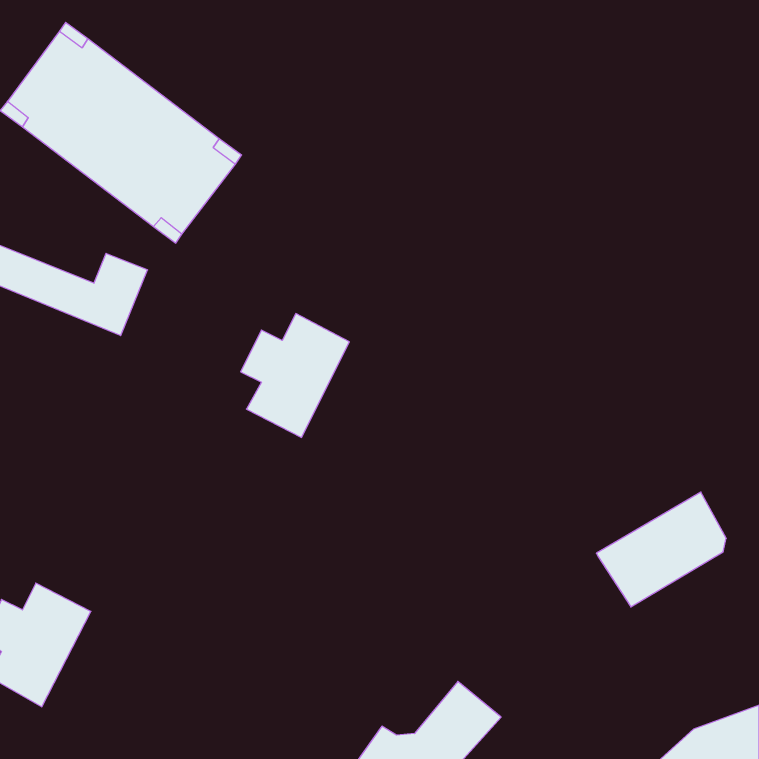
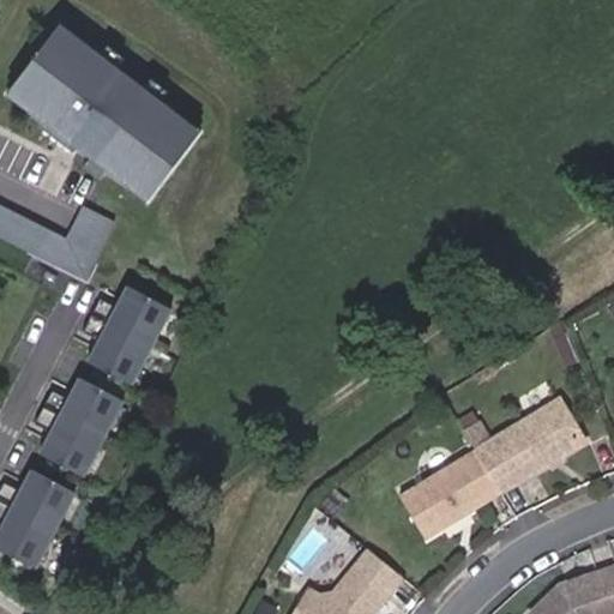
building: [241,314,349,437] -> [80,288,168,387]
building: none -> [32,380,121,478]
building: none -> [407,450,507,535]

